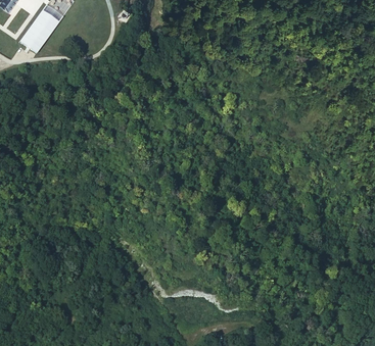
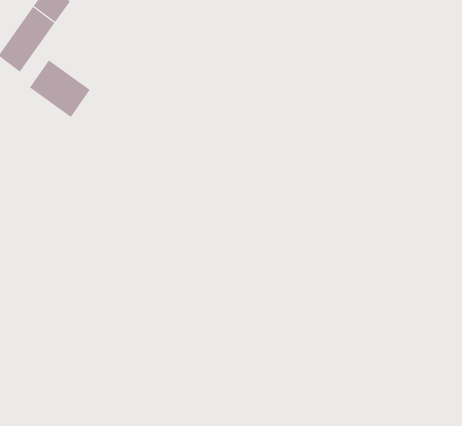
building: none -> [29,60,91,118]

